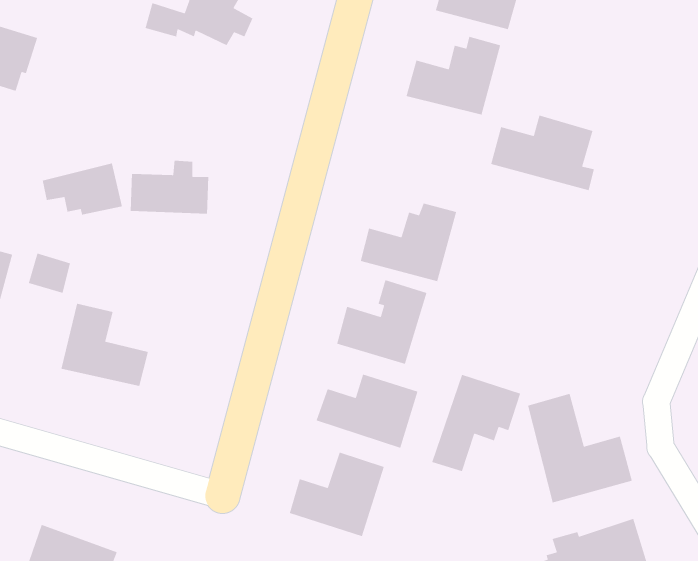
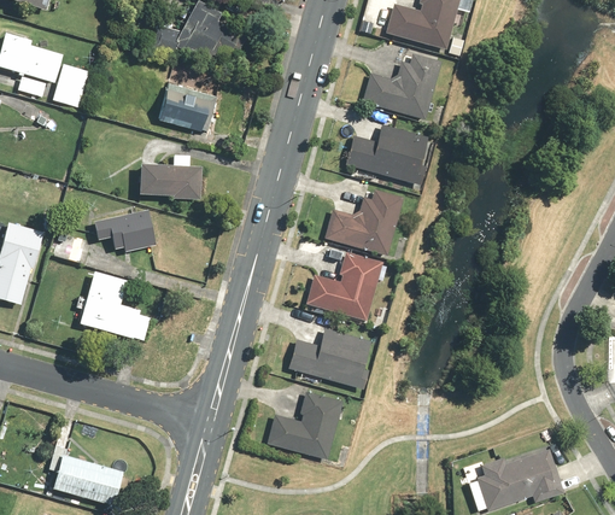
building: none -> [54,63,89,107]
building: none -> [157,84,218,131]
building: [490,114,595,191] -> [342,123,428,186]
building: [42,163,123,216] -> [92,207,158,251]
building: [431,374,521,472] -> none
building: [527,393,633,504] -> none

